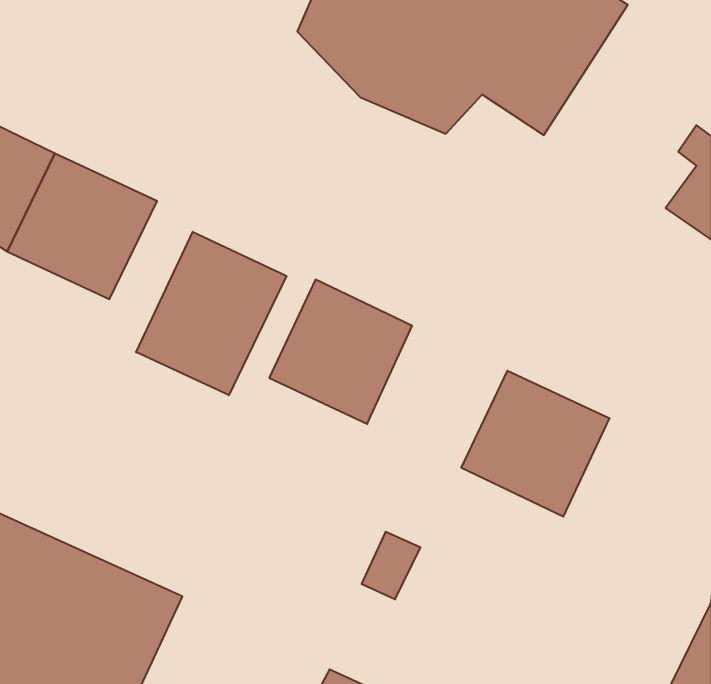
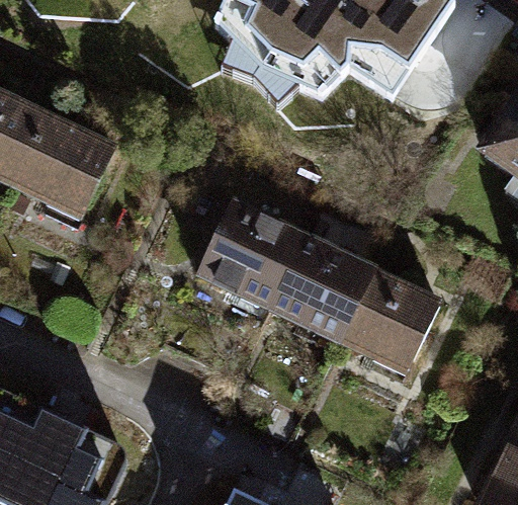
building: [136,232,286,395] -> none
building: none -> [266,237,367,339]

